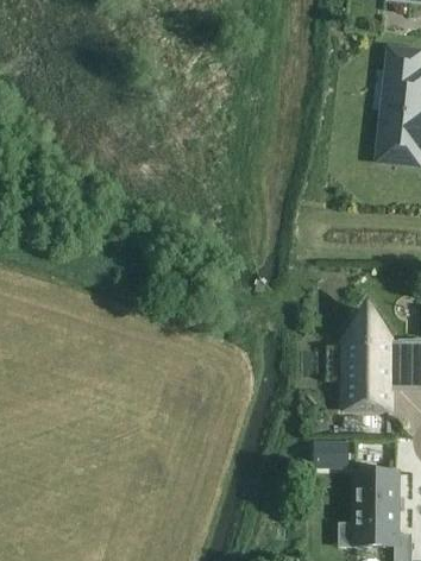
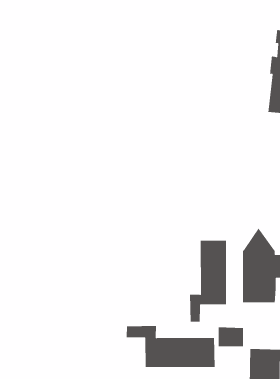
building: none -> [189,240,227,322]
building: none -> [126,325,215,368]

